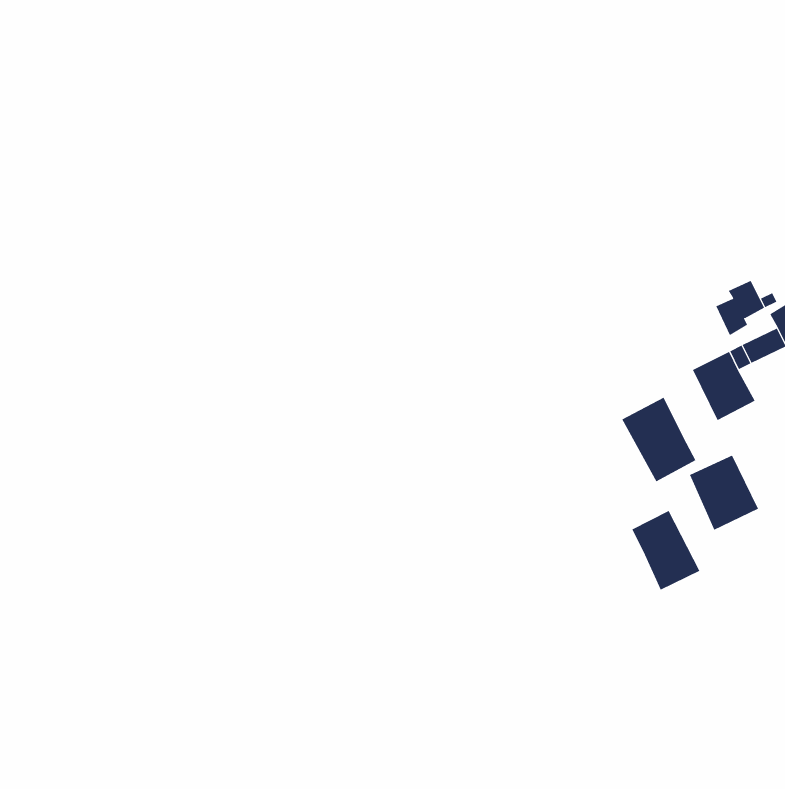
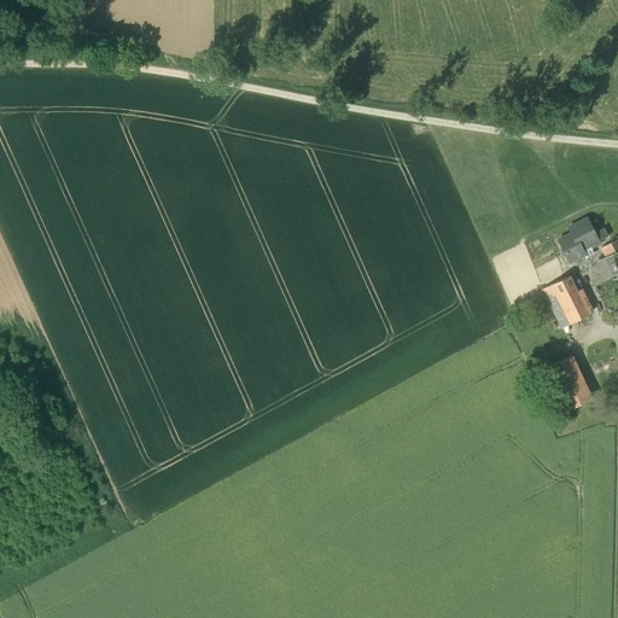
building: [621,397,696,482] -> none
building: [632,510,700,590] -> none

